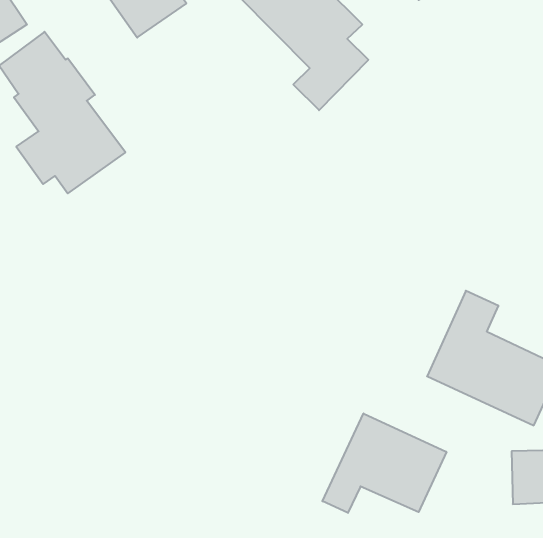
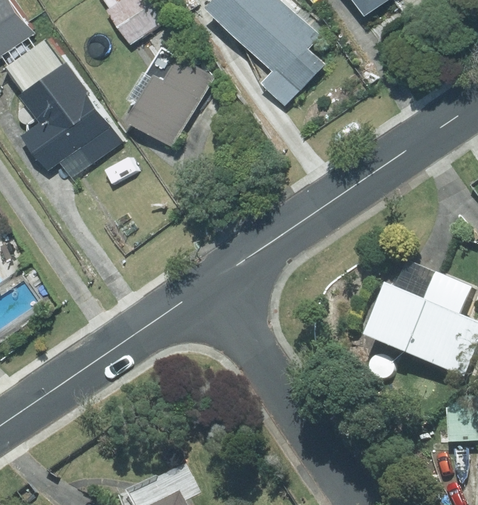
building: none -> [125,56,212,146]
building: [322,413,446,513] -> none

